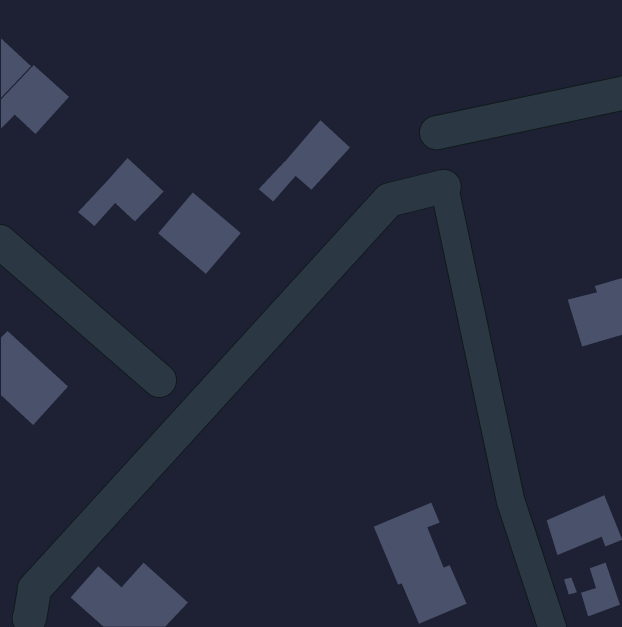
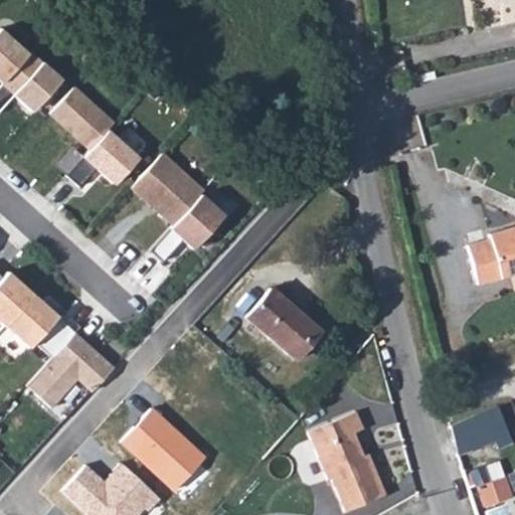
building: none -> [53,89,115,148]
building: [258,119,351,203] -> [151,191,227,260]
building: none -> [247,289,322,360]
building: none -> [28,330,118,407]
building: none -> [121,406,206,491]

